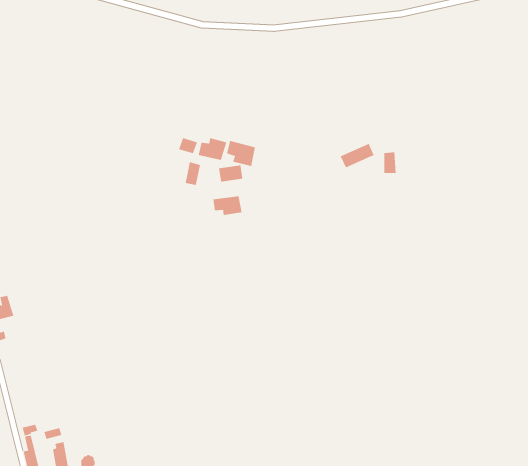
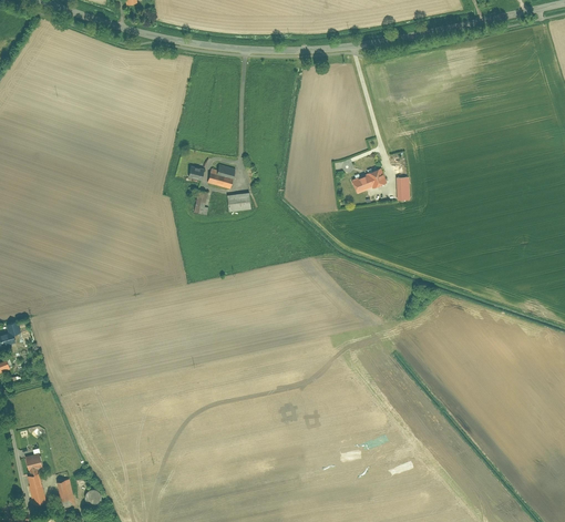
building: [226,140,255,167] -> none
building: [213,195,242,216] -> none

